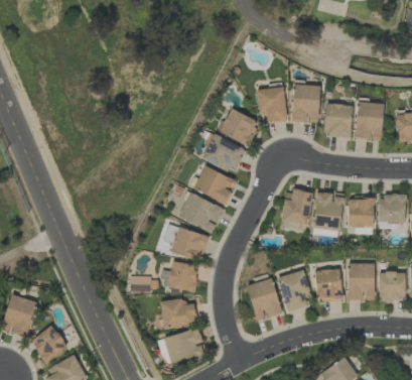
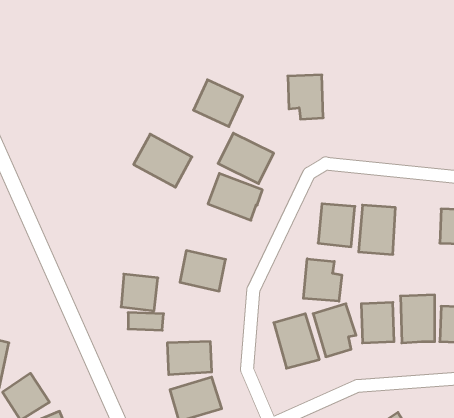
building: [291,84,319,122] -> none
building: [355,101,383,140] -> none
building: [323,103,352,136] -> none
building: [220,108,259,145] -> [193,80,243,127]
building: [177,191,224,233] -> [134,134,192,187]
building: [348,197,374,227] -> none
building: none -> [303,259,342,301]
building: [168,261,197,290] -> [121,274,158,311]

